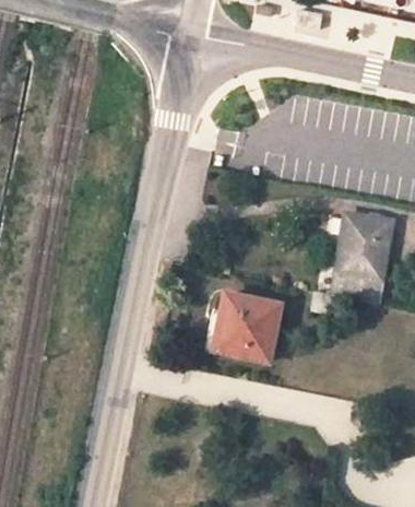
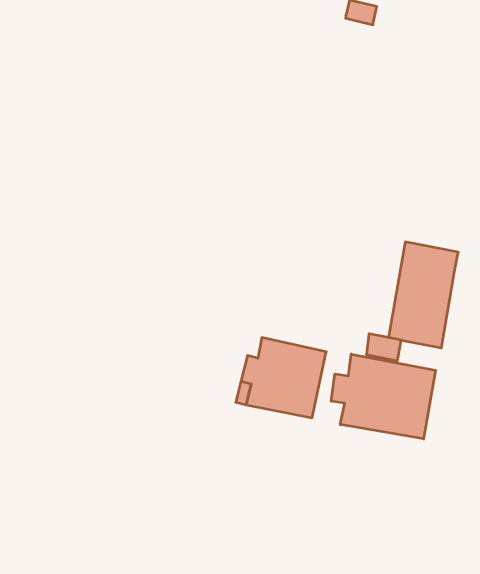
building: none -> [331,354,436,439]

